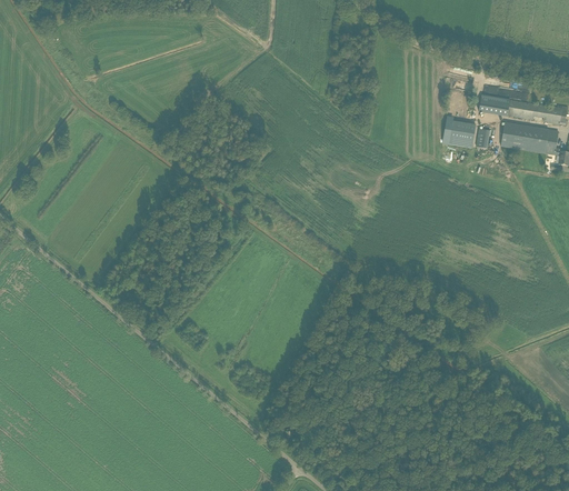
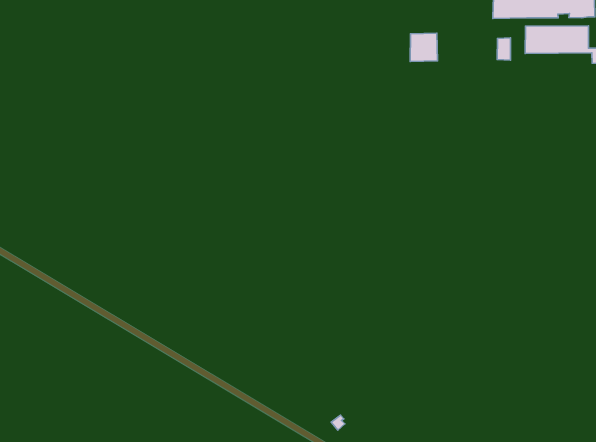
building: [448,120,475,147] -> [410,33,437,61]

